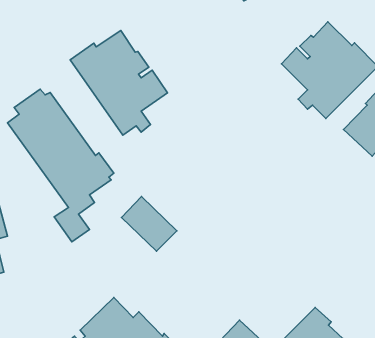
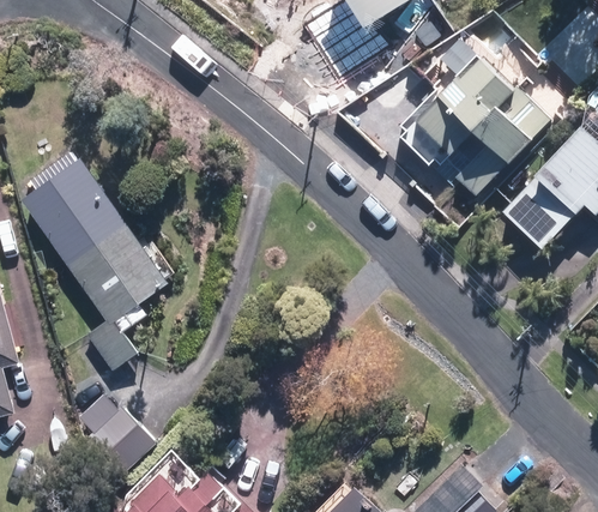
building: [70,31,167,135] -> none
building: [121,196,177,251] -> [74,393,153,471]

